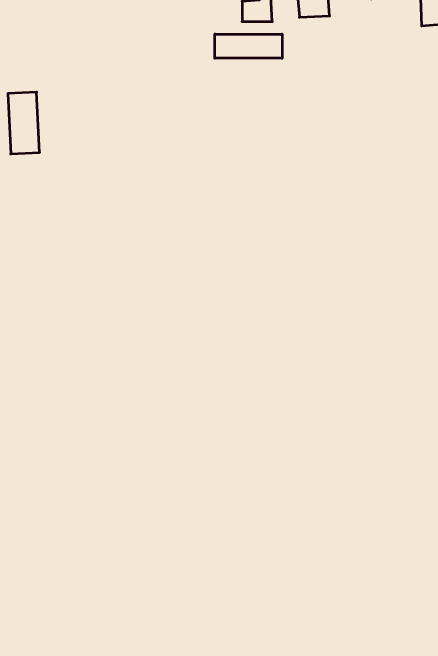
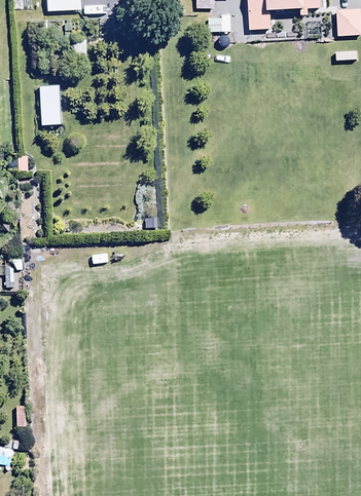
building: [215,34,282,58] -> none

